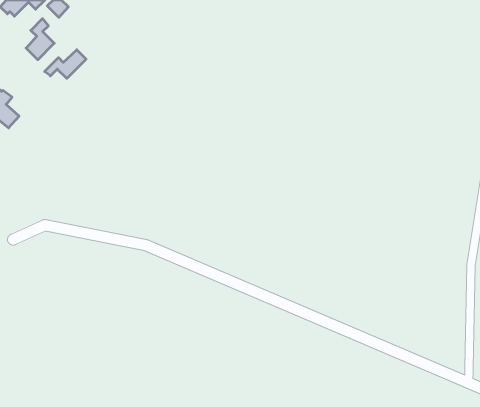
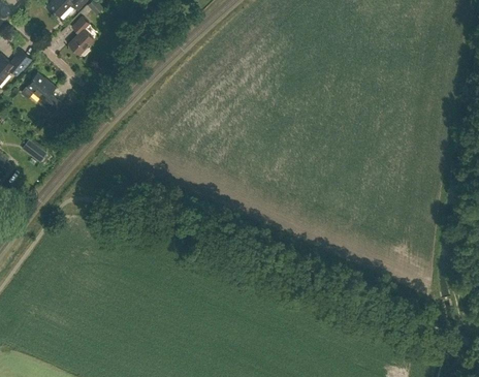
building: [45,50,86,78] -> none

